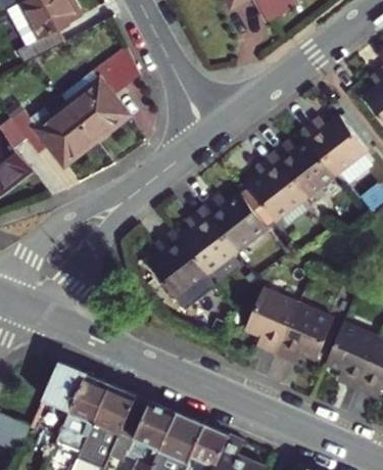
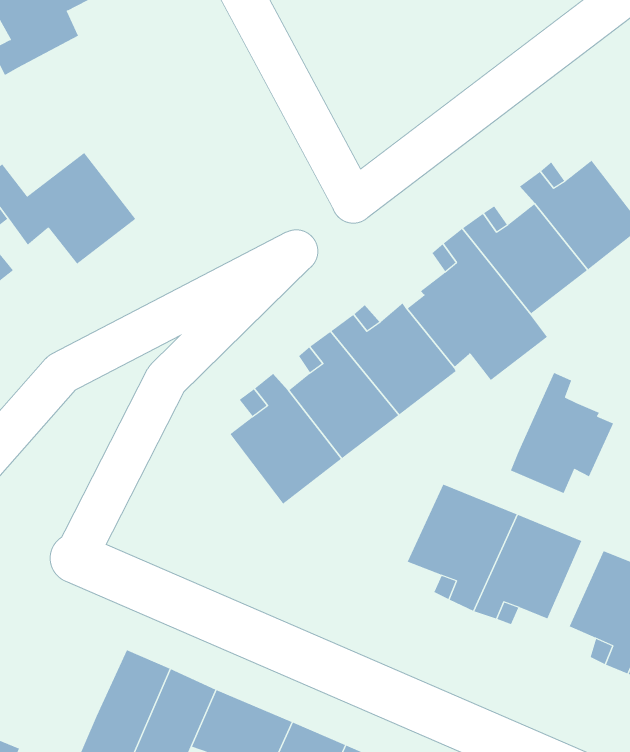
building: [66,52,138,144] -> none
building: none -> [510,372,614,494]
building: [45,363,89,411] -> none

